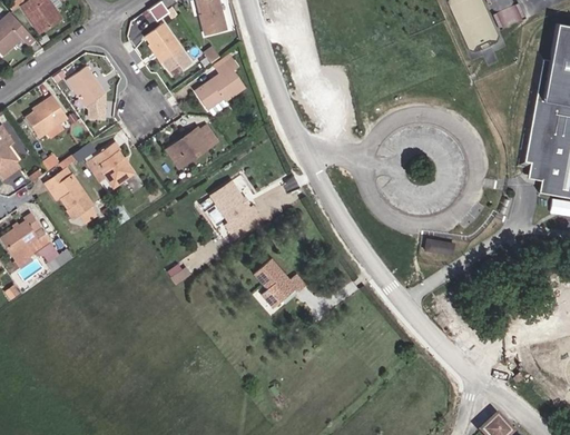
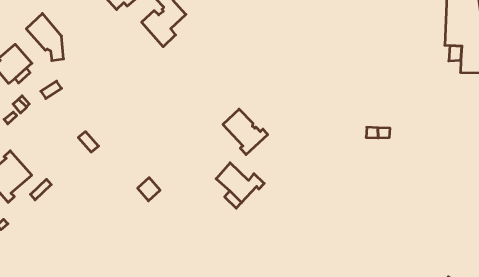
building: [166,126,217,169] -> none
building: [85,142,132,188] -> none
building: [43,168,95,224] -> none
building: [209,185,257,236] -> [223,109,268,155]

